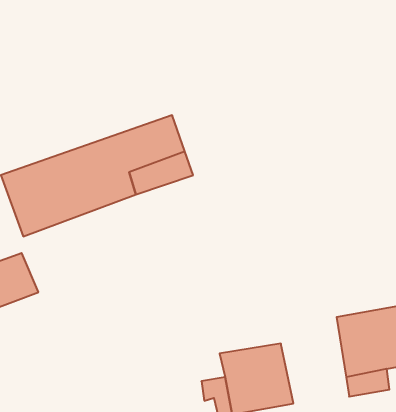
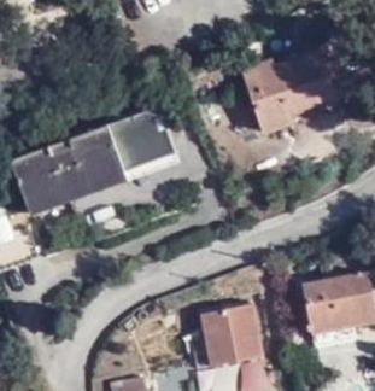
building: none -> [239,49,334,130]

